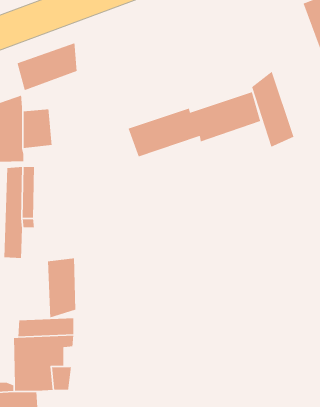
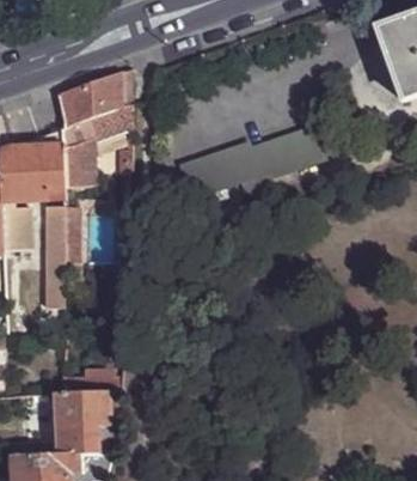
building: none -> [63,102,130,146]
building: [251,71,294,148] -> none
building: [47,258,76,318] -> none

